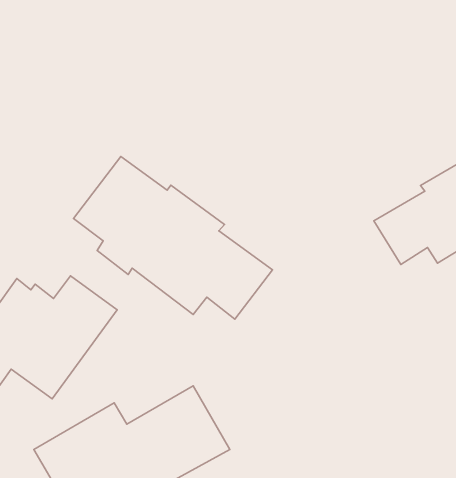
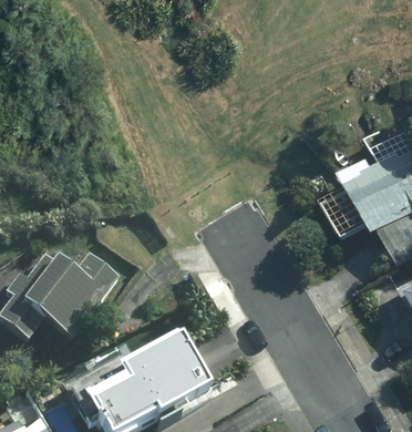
building: [74,156,272,319] -> none

